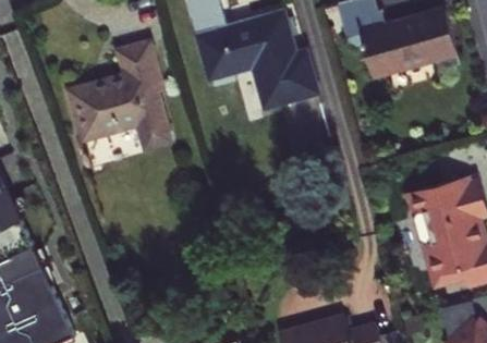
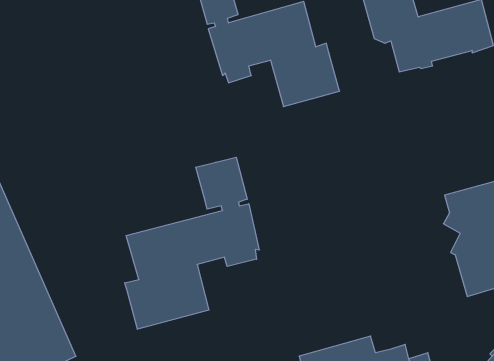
building: [70,44,169,146] -> none
building: none -> [125,157,259,329]

